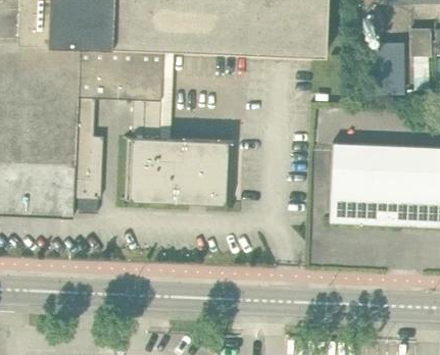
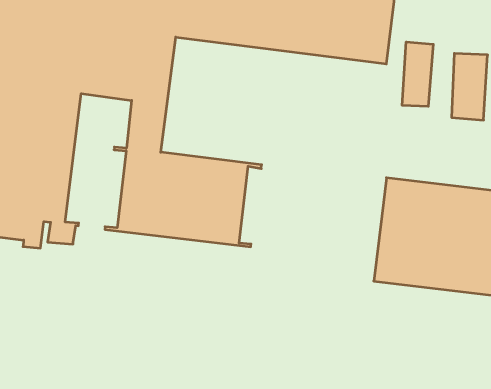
building: none -> [402,42,433,106]

